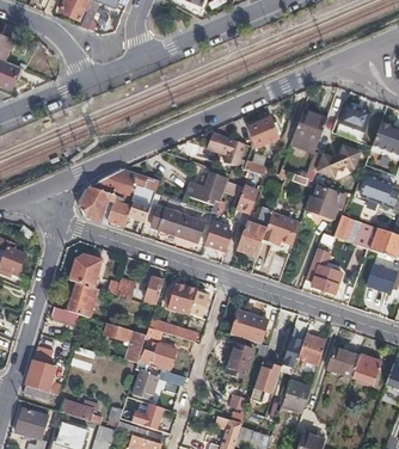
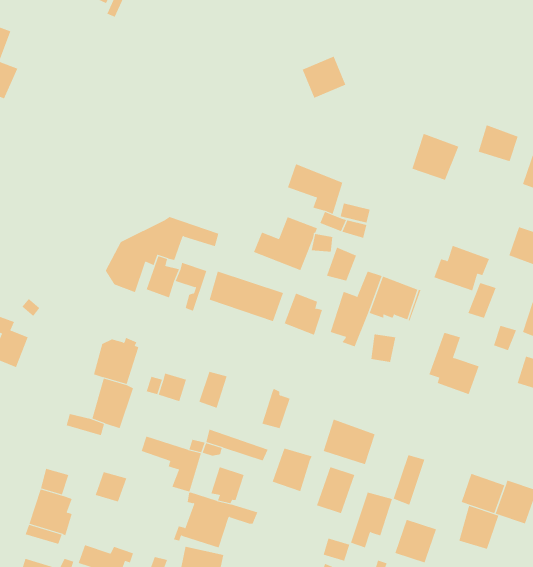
building: [247,118,278,148] -> [302,56,346,99]
building: [317,146,360,178] -> none
building: [168,283,197,314] -> [272,448,313,492]
building: [299,333,327,364] -> [458,505,499,549]

